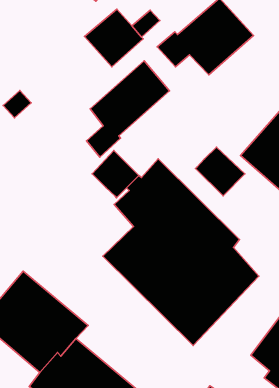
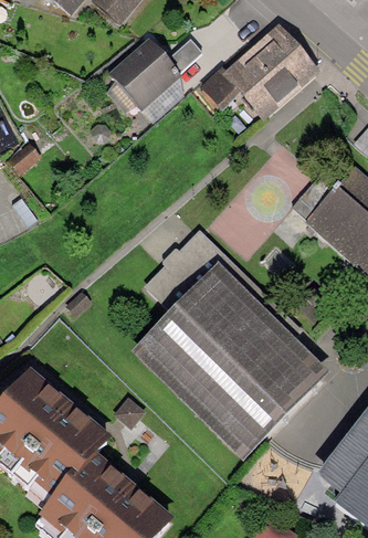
building: [86,61,169,157] -> none
building: [196,147,245,196] -> none
building: [92,151,139,198] -> none

